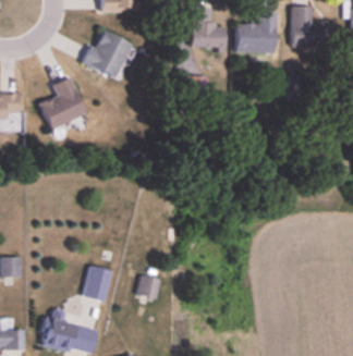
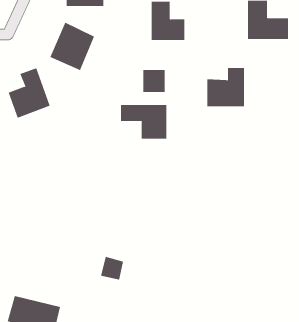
building: [234,11,275,52] -> [206,68,245,107]
building: none -> [121,104,167,140]
building: [82,266,109,300] -> none

